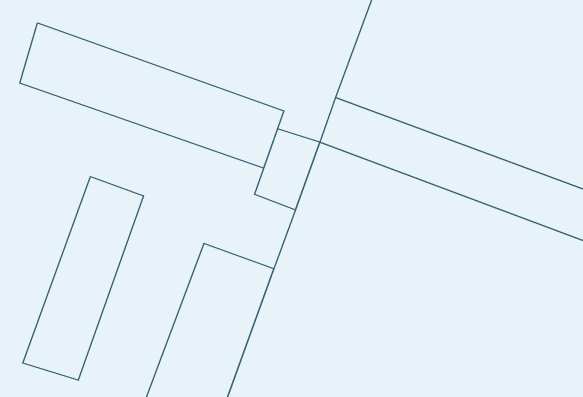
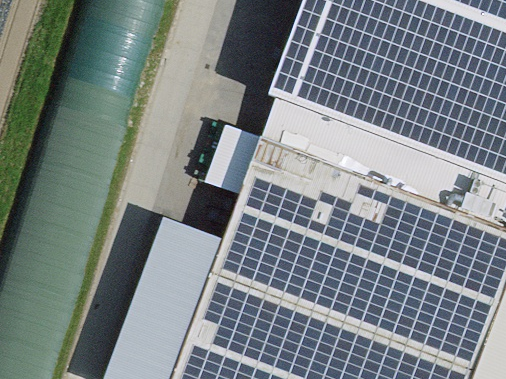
building: [20,23,284,168] -> none
building: [23,177,143,380] -> none

